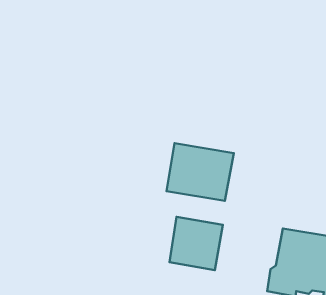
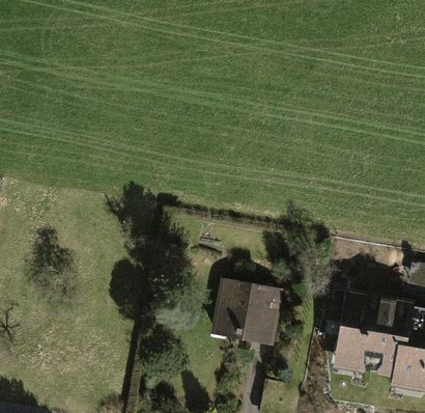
building: [167,143,234,201] -> none

